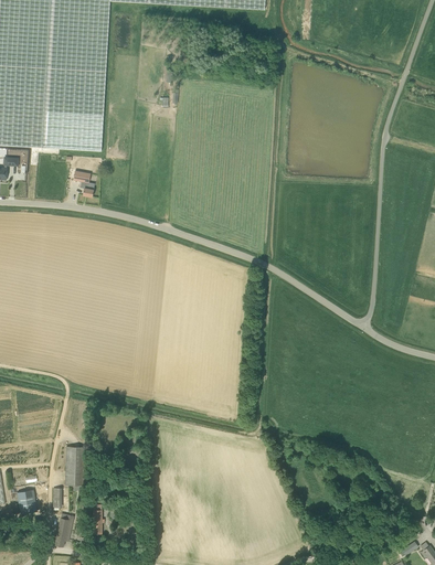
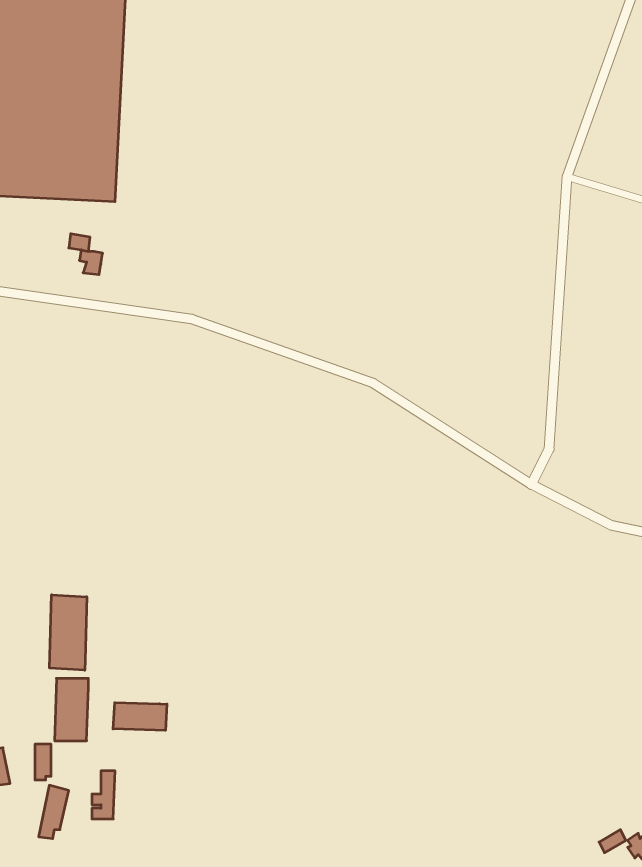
building: none -> [50,595,87,670]
building: none -> [113,703,167,730]

